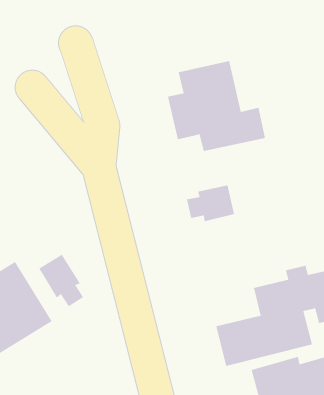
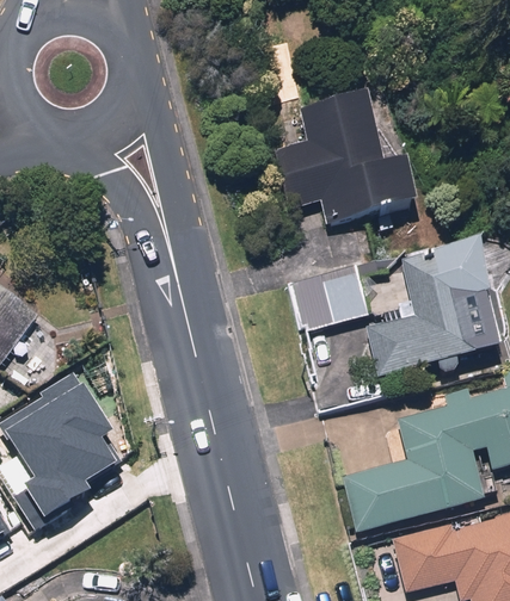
building: none -> [370,243,490,377]
building: [39,254,84,307] -> none

